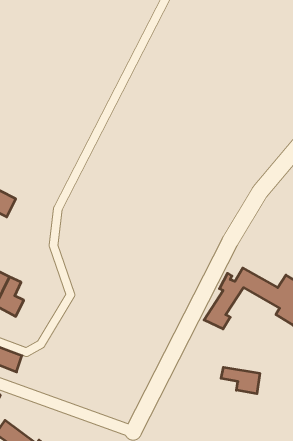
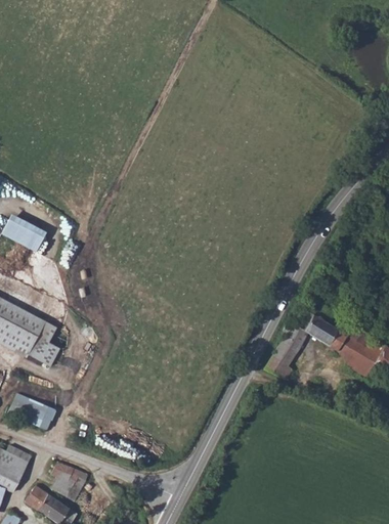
building: [221,367,260,394] -> none
building: none -> [53,462,89,494]

